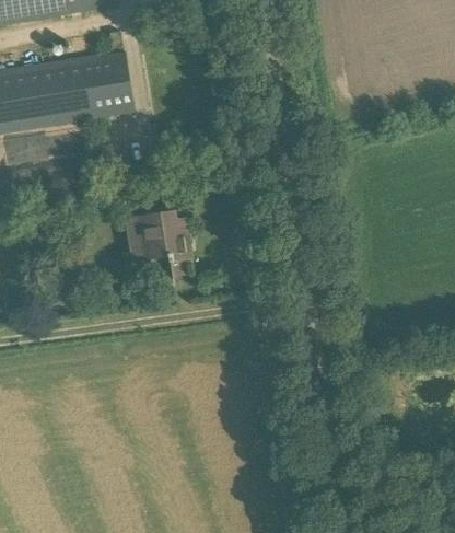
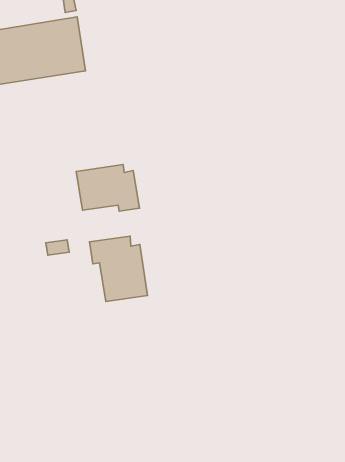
building: none -> [89,236,147,302]

